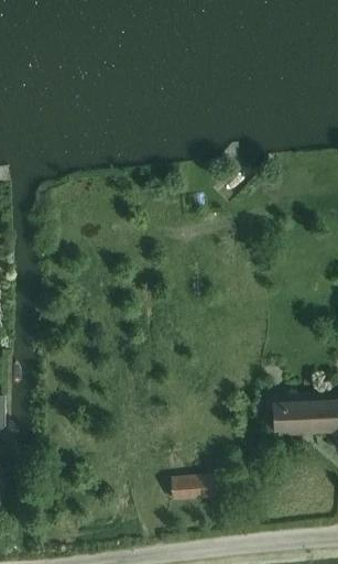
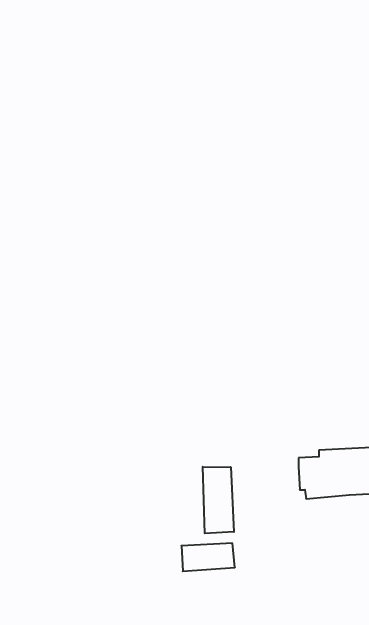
building: none -> [203,467,234,533]

